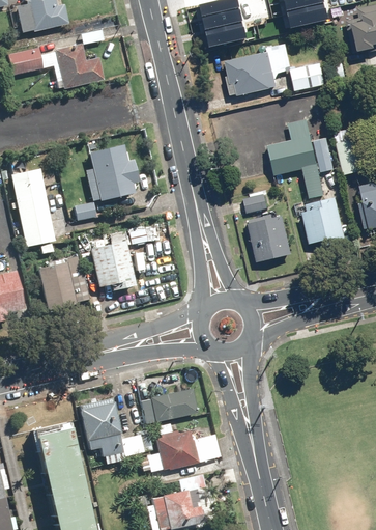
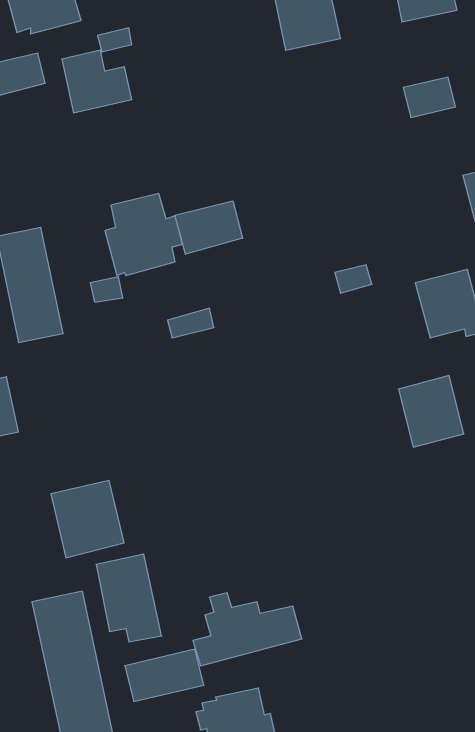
building: [227,44,293,94] -> none
building: [270,118,329,201] -> none
building: none -> [175,201,243,254]
building: [250,215,295,264] -> [398,376,464,447]
building: [90,241,136,286] -> none
building: [37,256,88,310] -> [51,480,124,558]
building: [142,388,197,424] -> [125,649,204,701]

